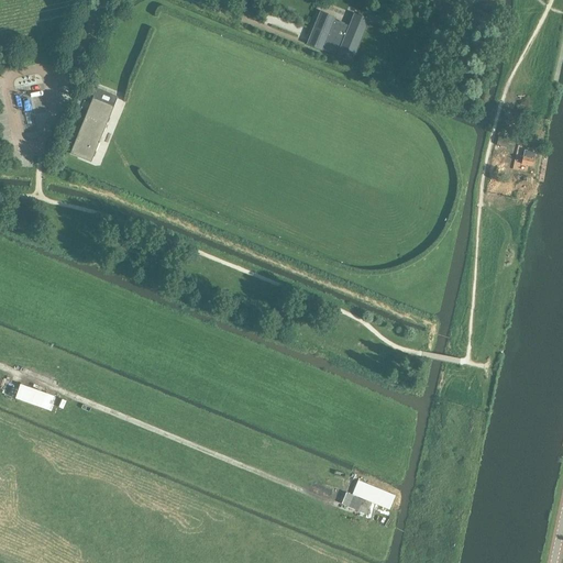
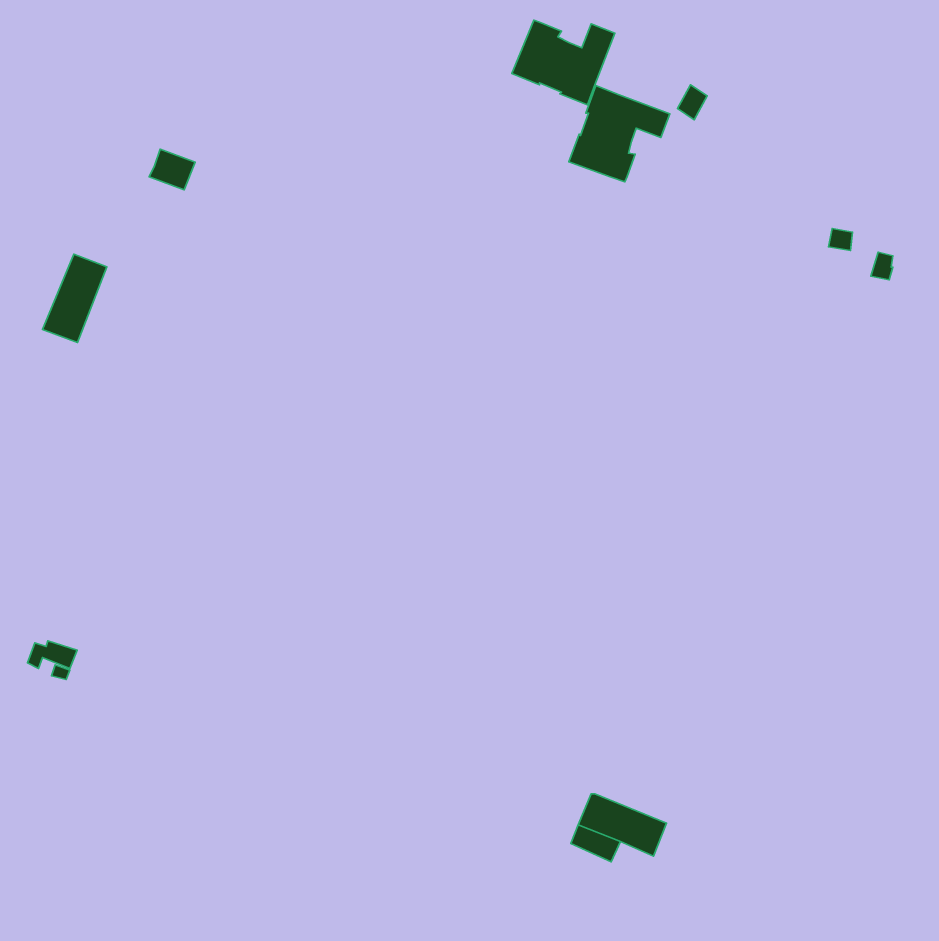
building: none -> [569,86,670,182]
building: [69,109,108,162] -> [42,254,107,342]

